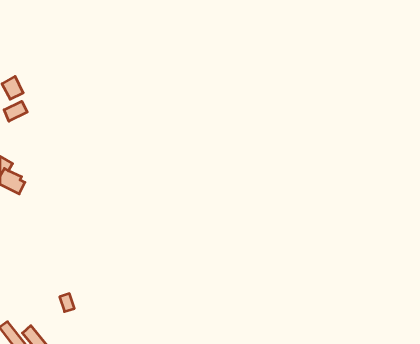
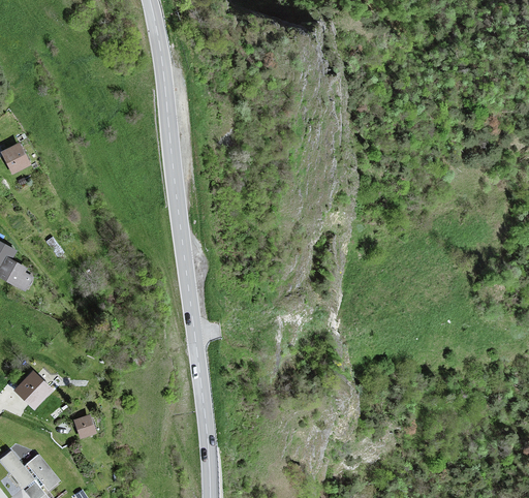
building: [4,101,27,121] -> none
building: none -> [14,373,49,407]

